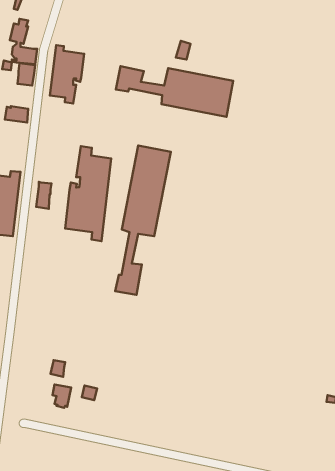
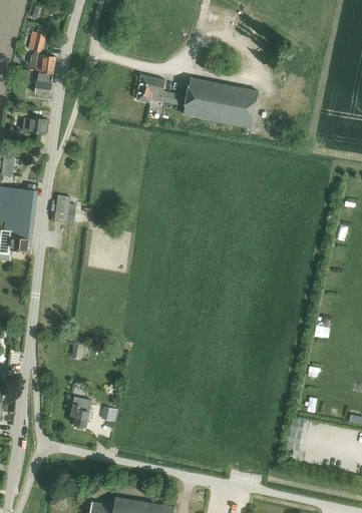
building: [50,45,84,104] -> none
building: [115,145,171,295] -> none
building: [65,146,111,241] -> none

